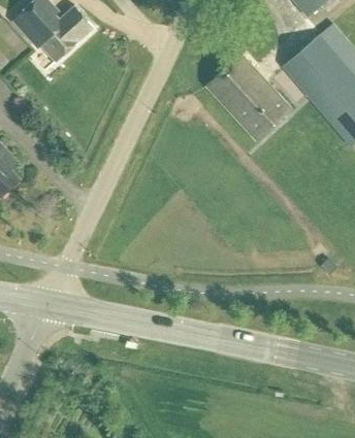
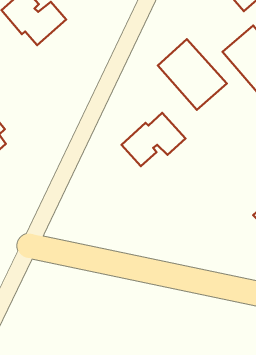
building: none -> [122,113,185,166]

